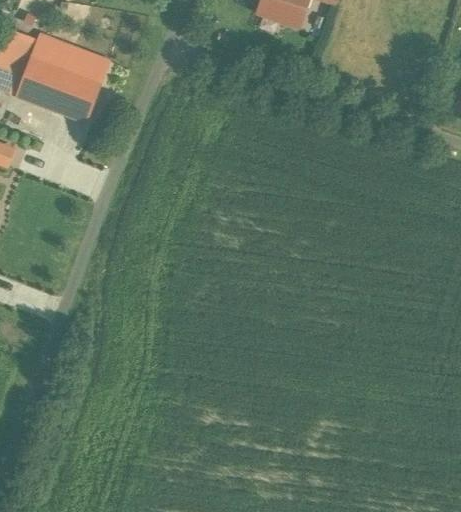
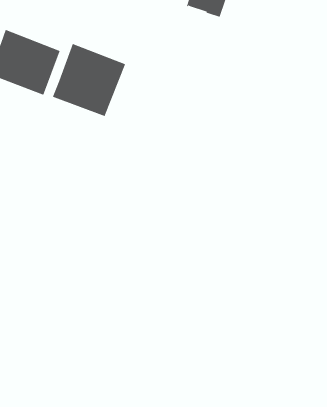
building: none -> [52,43,126,117]

